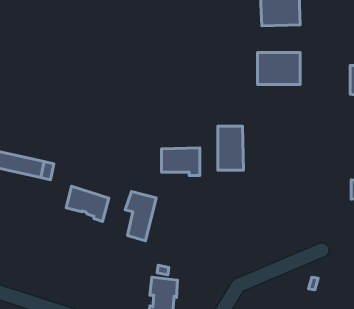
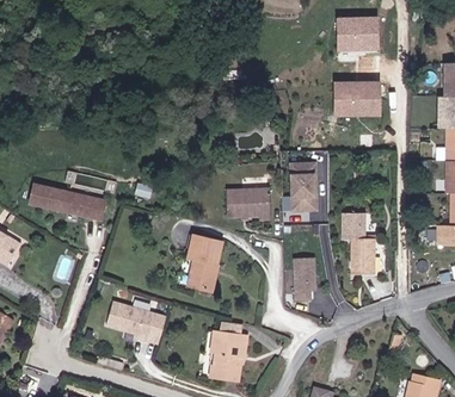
building: none -> [338,211,373,273]
building: [66,186,109,222] -> [109,302,156,341]
building: none -> [293,256,315,299]

